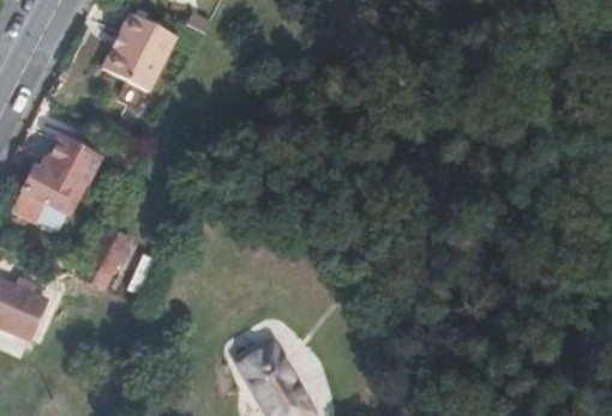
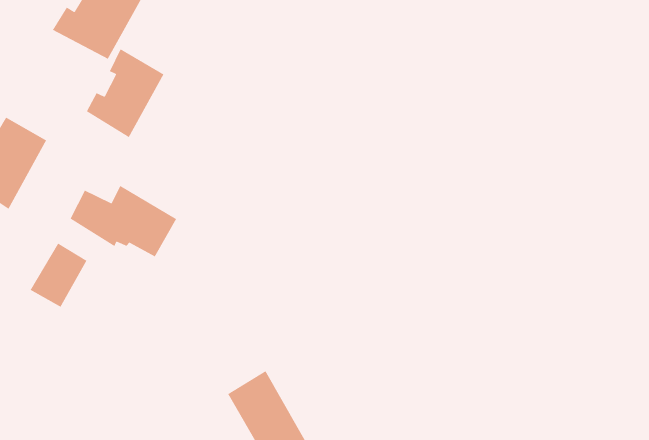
building: none -> [86,48,165,138]
building: none -> [70,185,177,257]

